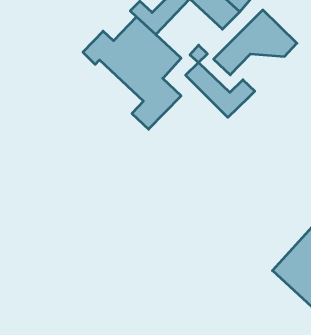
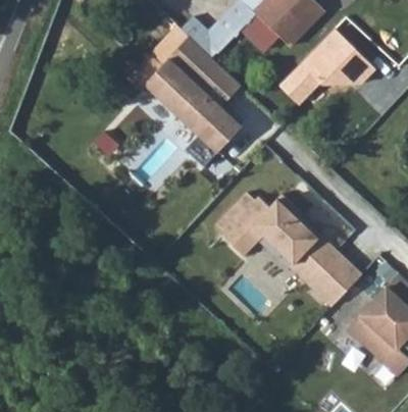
building: [186,63,255,117] -> none
building: none -> [217,194,365,310]

